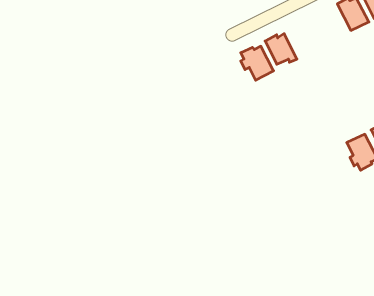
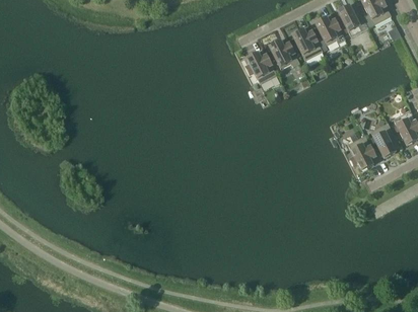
building: none -> [316,15,346,45]
building: none -> [293,27,324,60]

